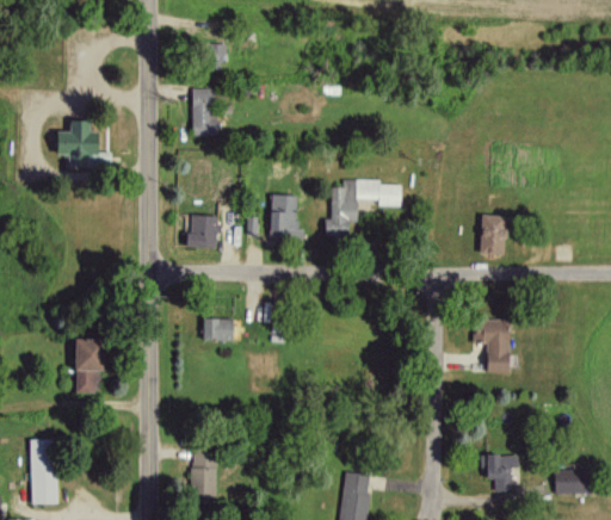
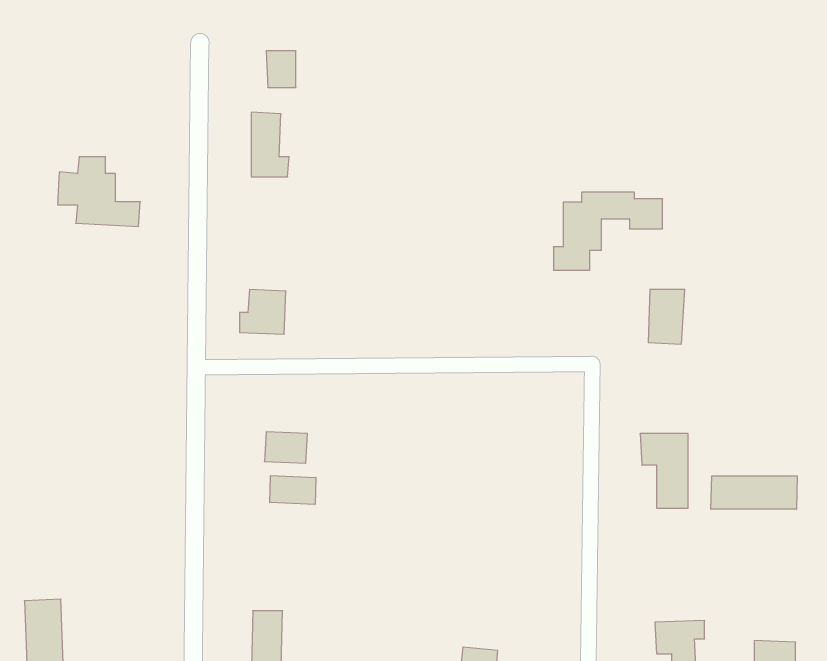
building: [325,180,403,236] -> [553,192,663,270]
building: [270,196,306,244] -> none
building: [73,339,100,394] -> none
building: none -> [270,476,316,504]
building: none -> [711,476,797,509]

